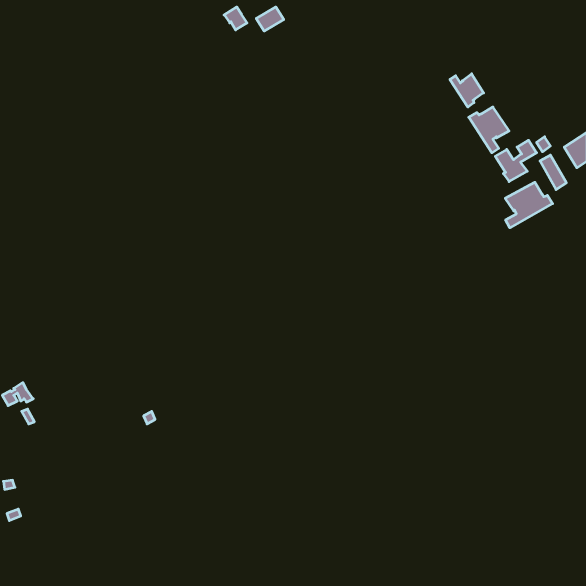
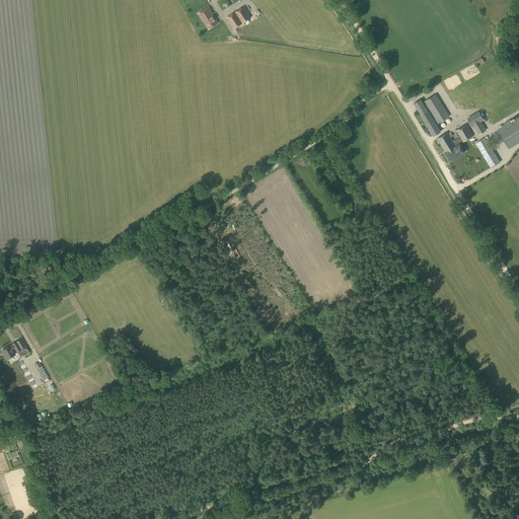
building: [450,74,484,107] -> none
building: [505,182,553,228] -> none

